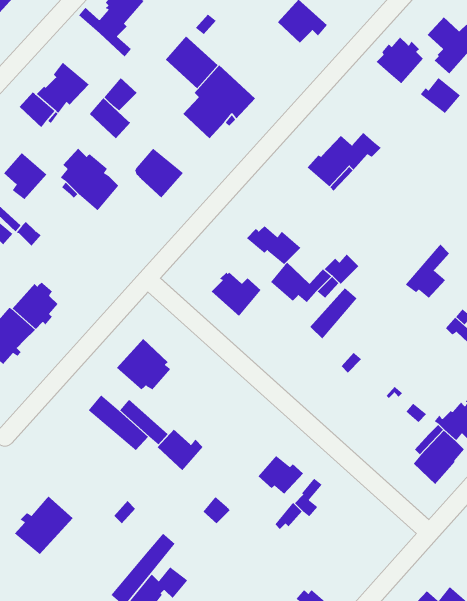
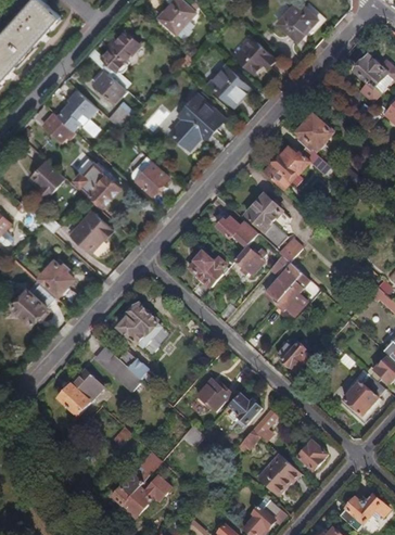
building: [165,36,218,89] -> [208,65,250,106]
building: [376,36,424,84] -> [296,115,333,152]
building: [89,97,131,139] -> [93,68,126,101]
building: none -> [246,194,286,247]
building: none -> [69,211,113,252]
building: [405,244,450,299] -> [276,272,310,315]
building: none -> [277,342,309,372]
building: [157,429,204,471] -> [202,373,238,406]
building: [14,496,74,555] -> [58,369,103,415]
building: none -> [300,441,329,470]
building: none -> [258,453,301,494]

